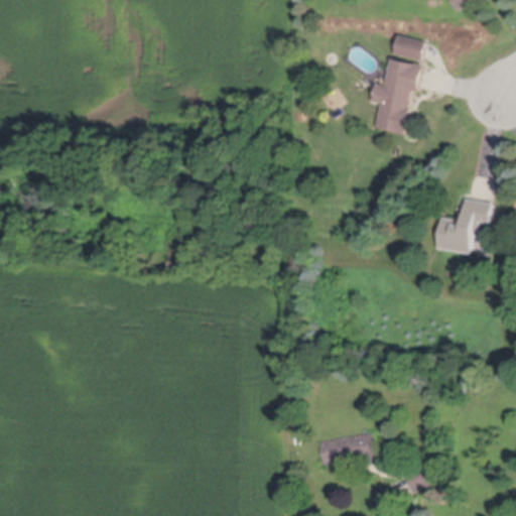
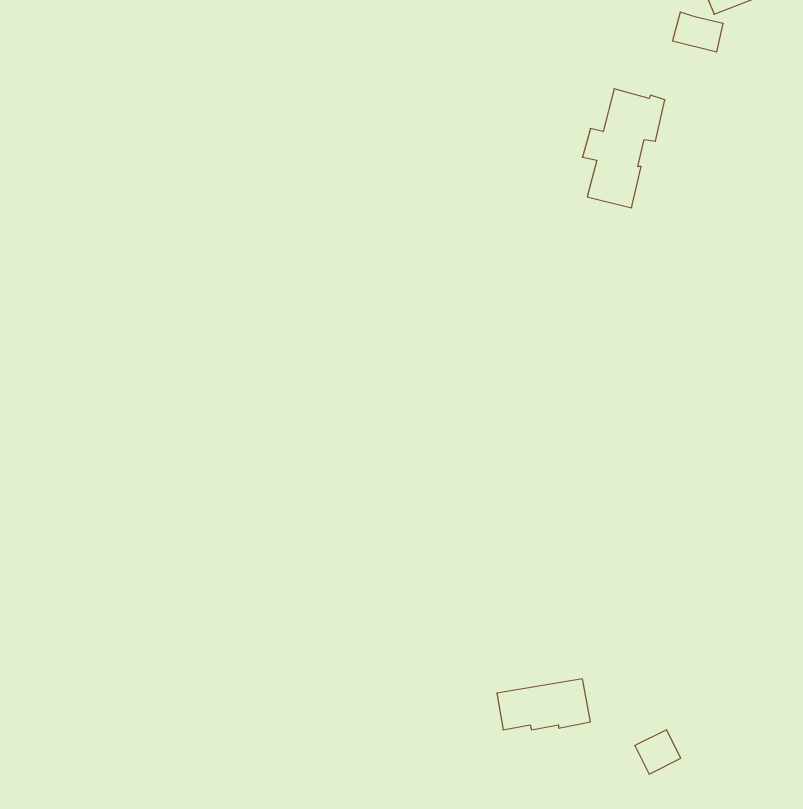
building: [392,33,424,58] -> [672,12,723,52]
building: [434,198,490,252] -> none

